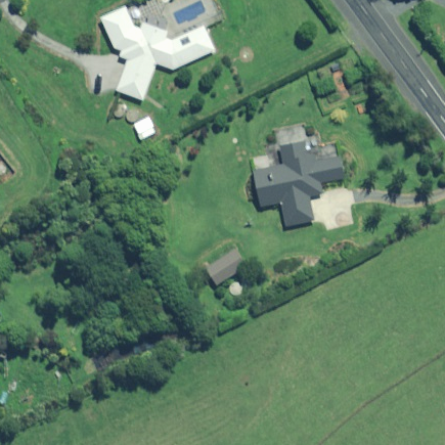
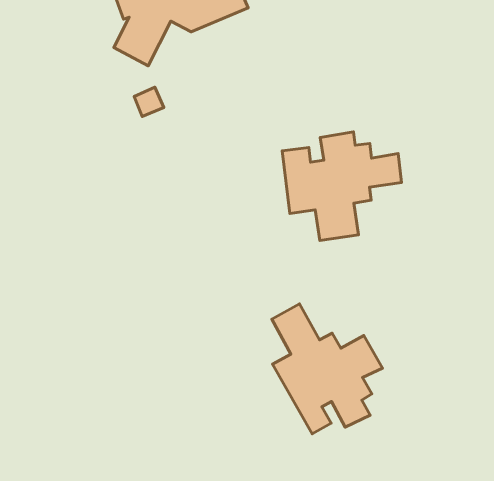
building: [205,248,247,285] -> none
building: none -> [272,304,383,434]

